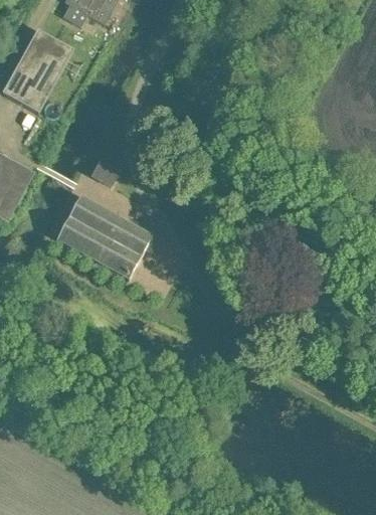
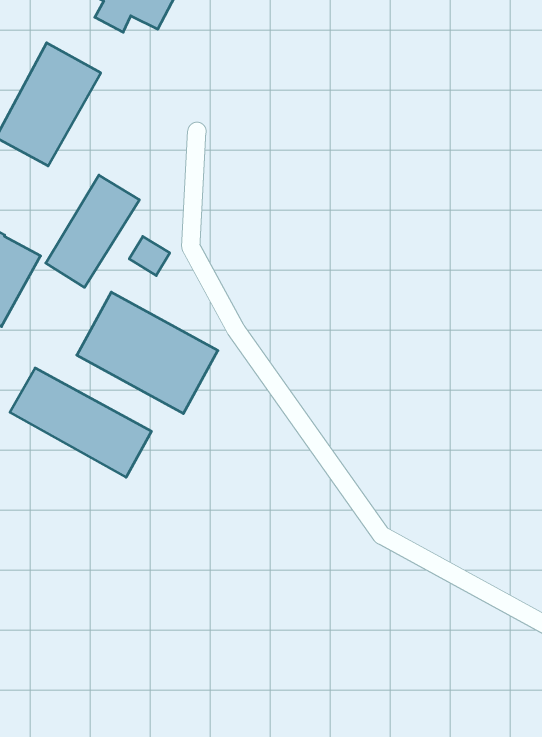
building: none -> [46,175,139,287]
building: none -> [10,368,151,477]

